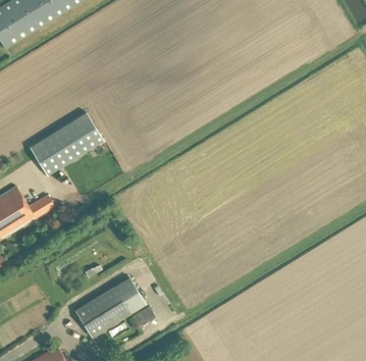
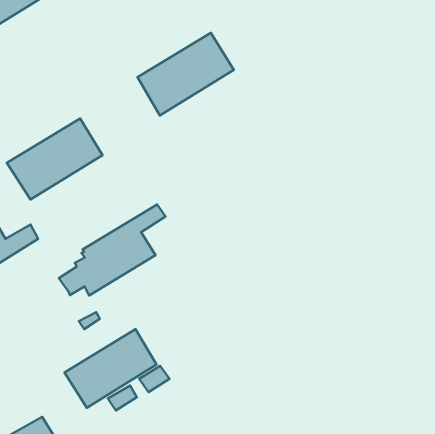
building: none -> [137,33,234,115]
building: none -> [59,205,166,295]

